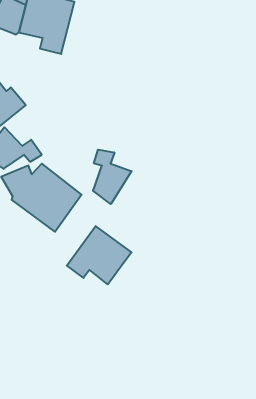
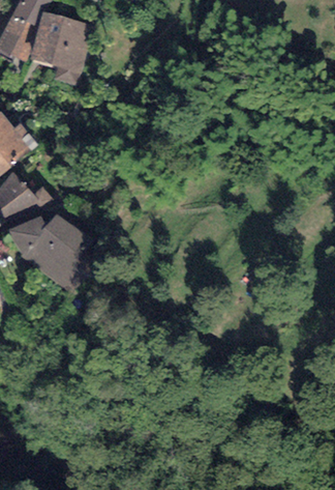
building: [93,150,132,204] -> none
building: [67,226,132,284] -> none

